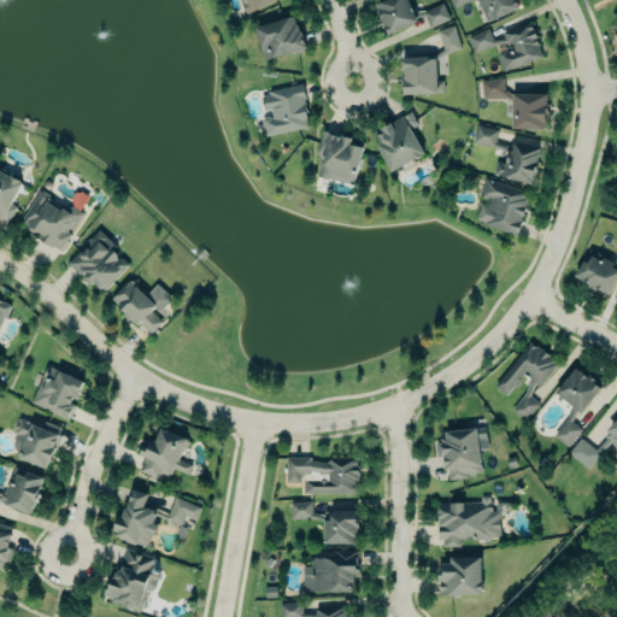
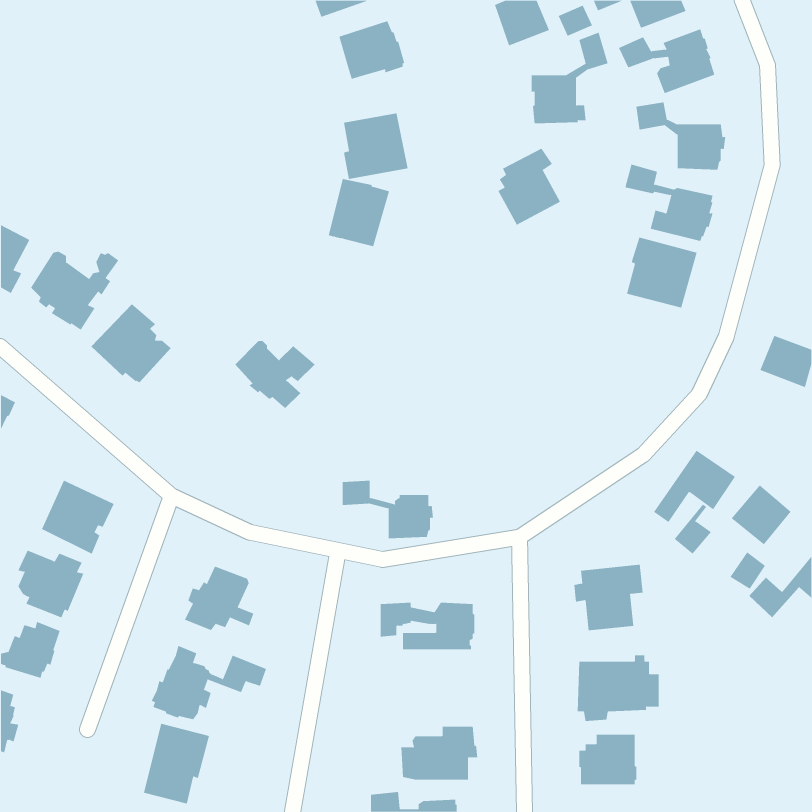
building: [318,133,365,184] -> [328,178,390,247]
building: [113,281,175,333] -> [234,341,315,409]
building: [292,500,362,545] -> [342,480,434,539]

